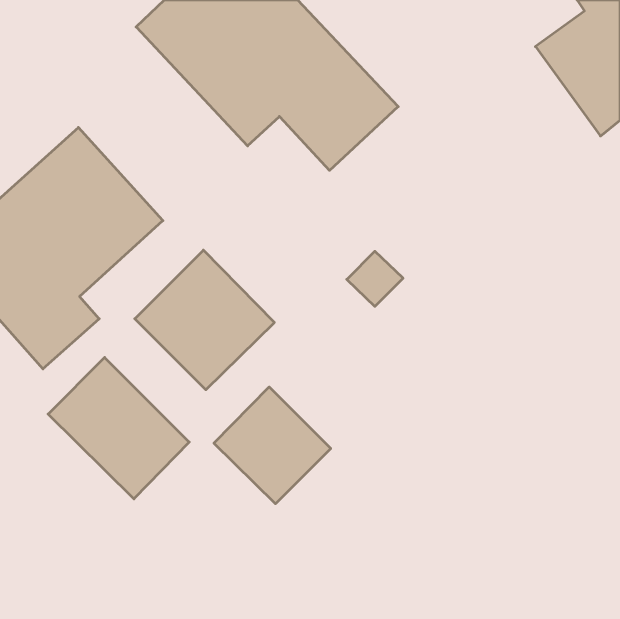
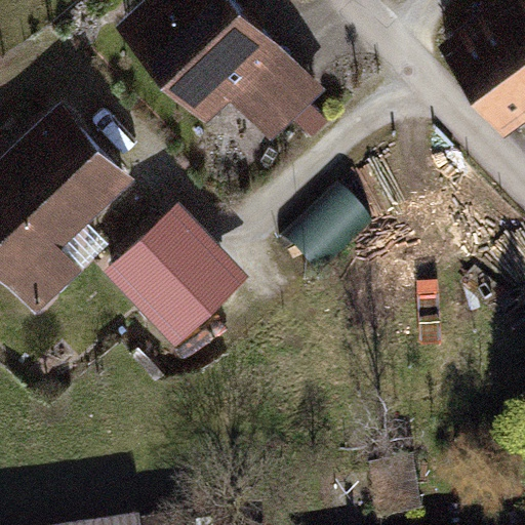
building: [48,357,189,499] -> none
building: [214,387,331,504] -> none

